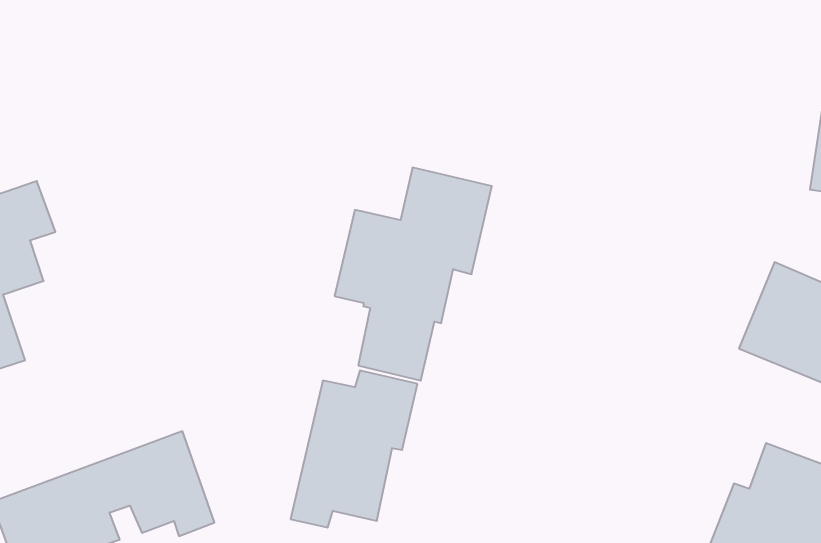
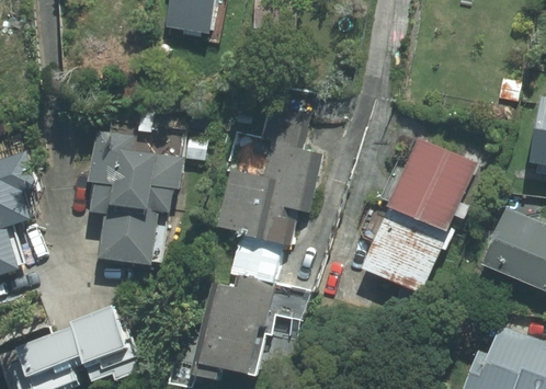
building: none -> [87,133,183,272]
building: none -> [364,136,478,291]

